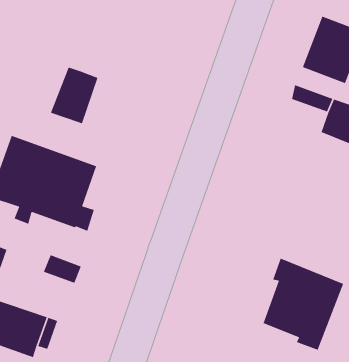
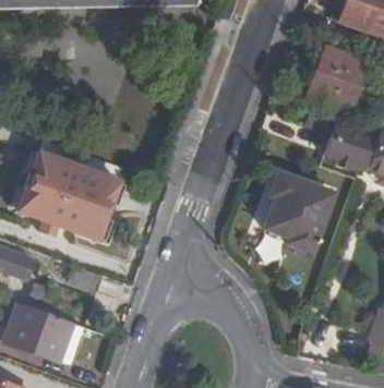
building: [50,67,98,125] -> none
building: [263,257,344,351] -> [255,169,331,255]

